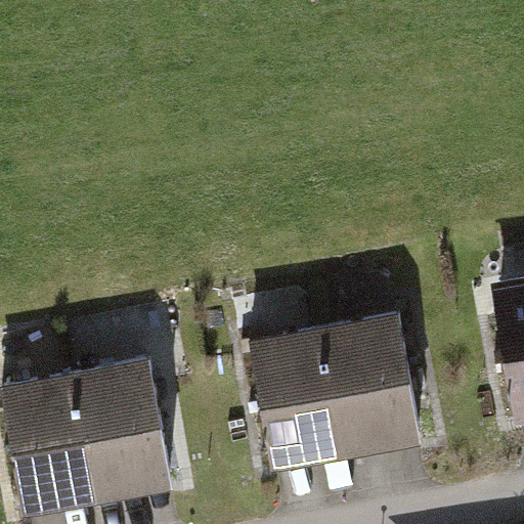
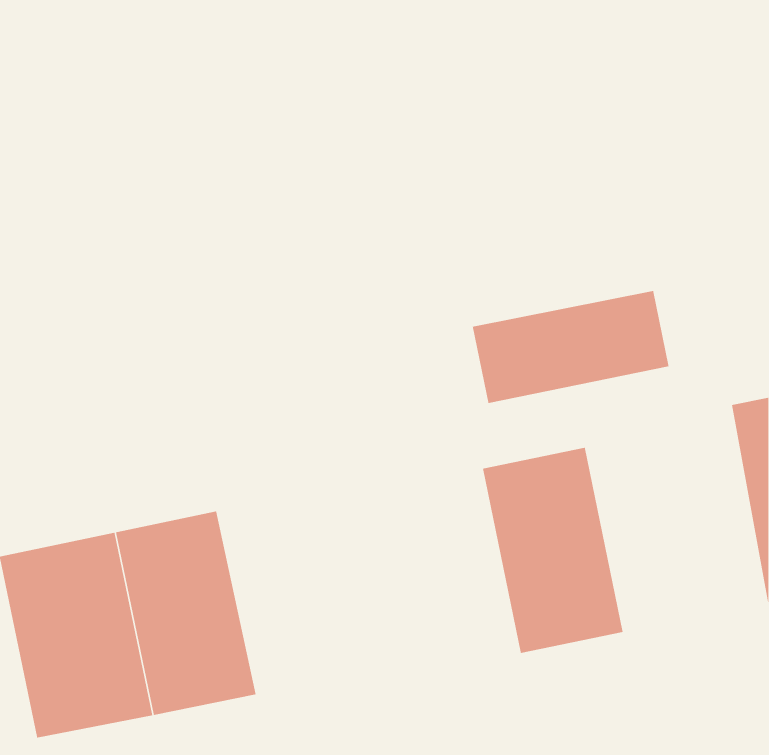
building: none -> [472,290,669,404]
building: [248,330,351,470] -> none

